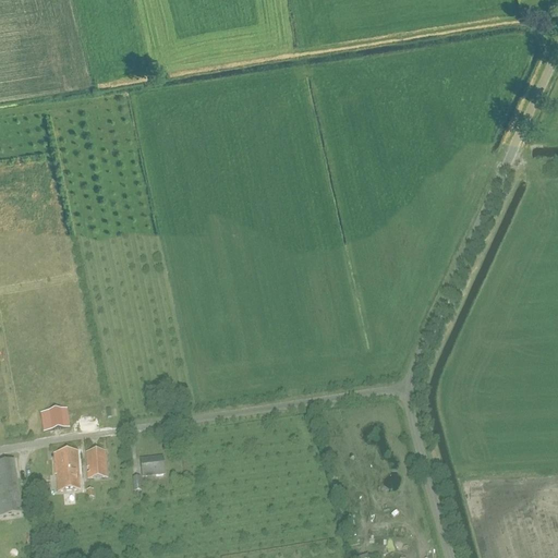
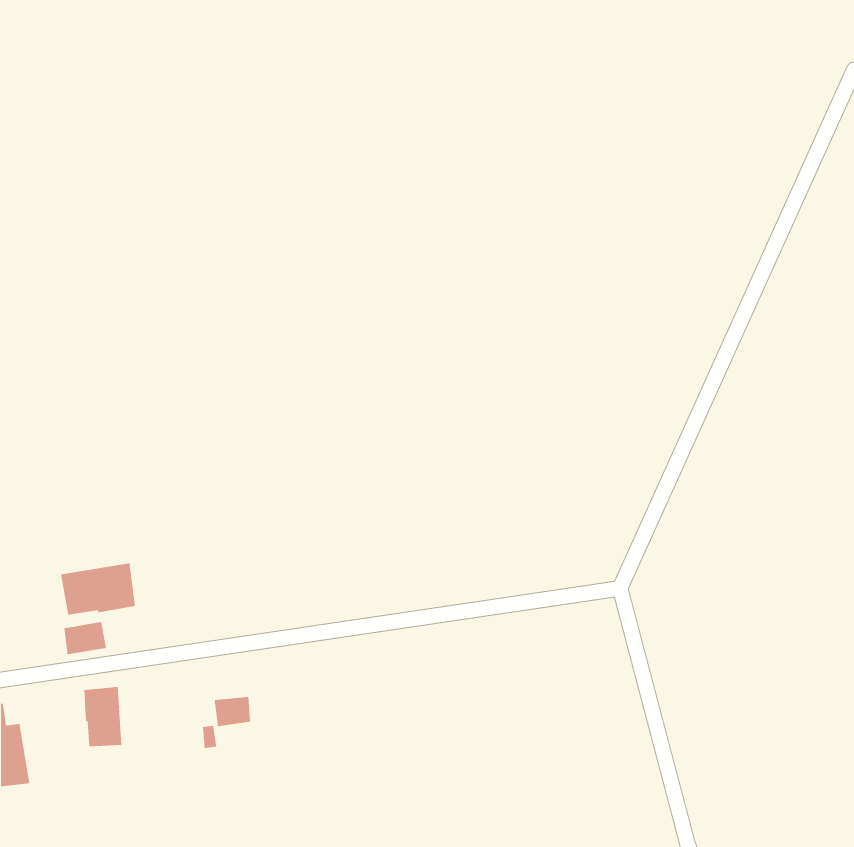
building: none -> [61,562,136,616]
building: [86,448,107,475] -> none

